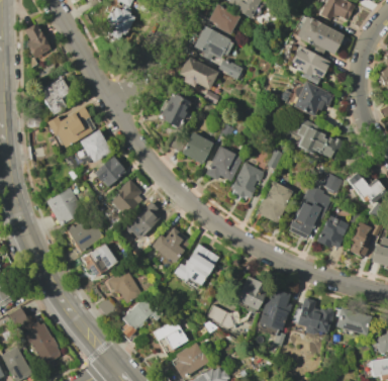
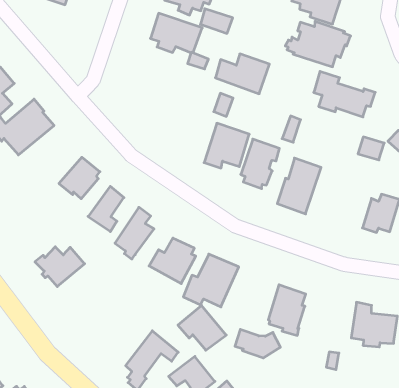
building: [159,92,191,127] -> none
building: [79,128,111,163] -> none
building: [171,131,213,164] -> [215,54,269,94]
building: [289,184,332,239] -> none
building: [47,187,85,224] -> none
building: [83,244,117,277] -> none
building: [108,269,143,303] -> [178,305,226,350]
building: [258,286,292,330] -> none

